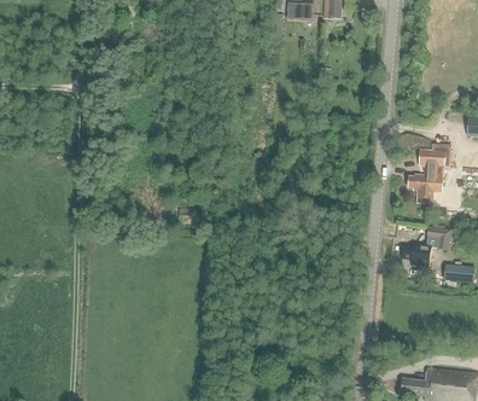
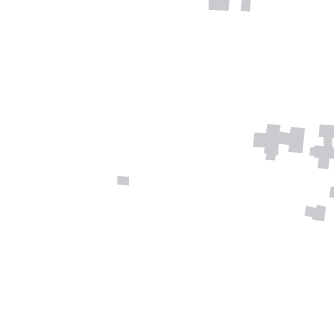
building: none -> [253,123,306,161]

